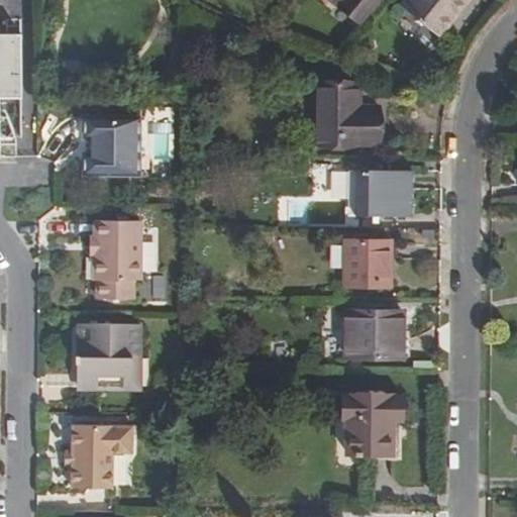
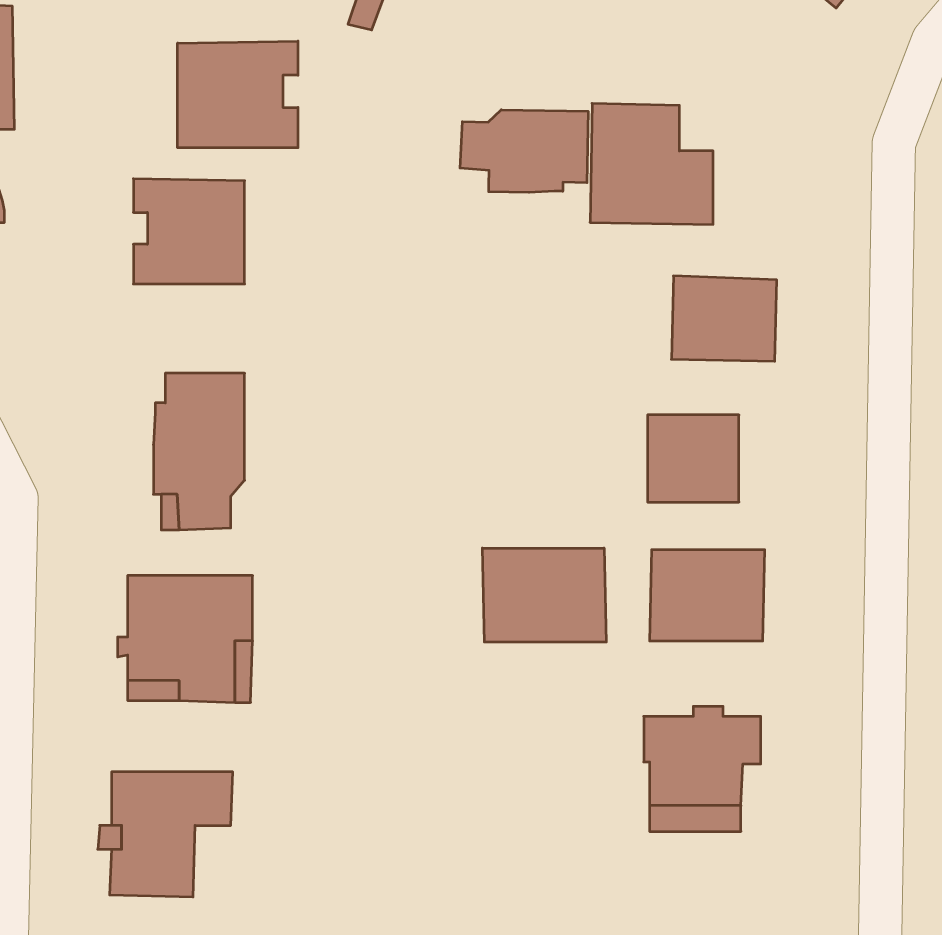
building: none -> [178,41,298,148]
building: none -> [460,110,588,192]
building: none -> [482,548,606,642]

